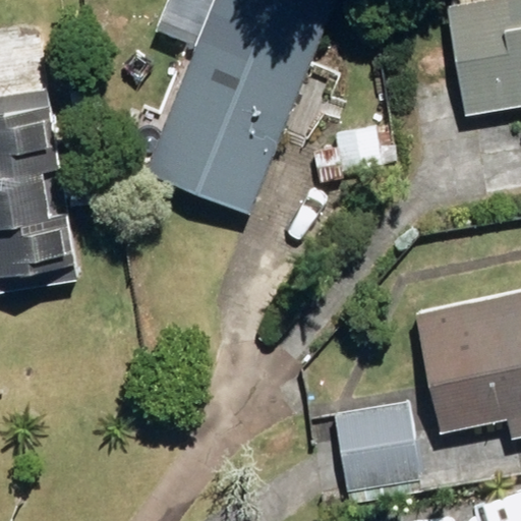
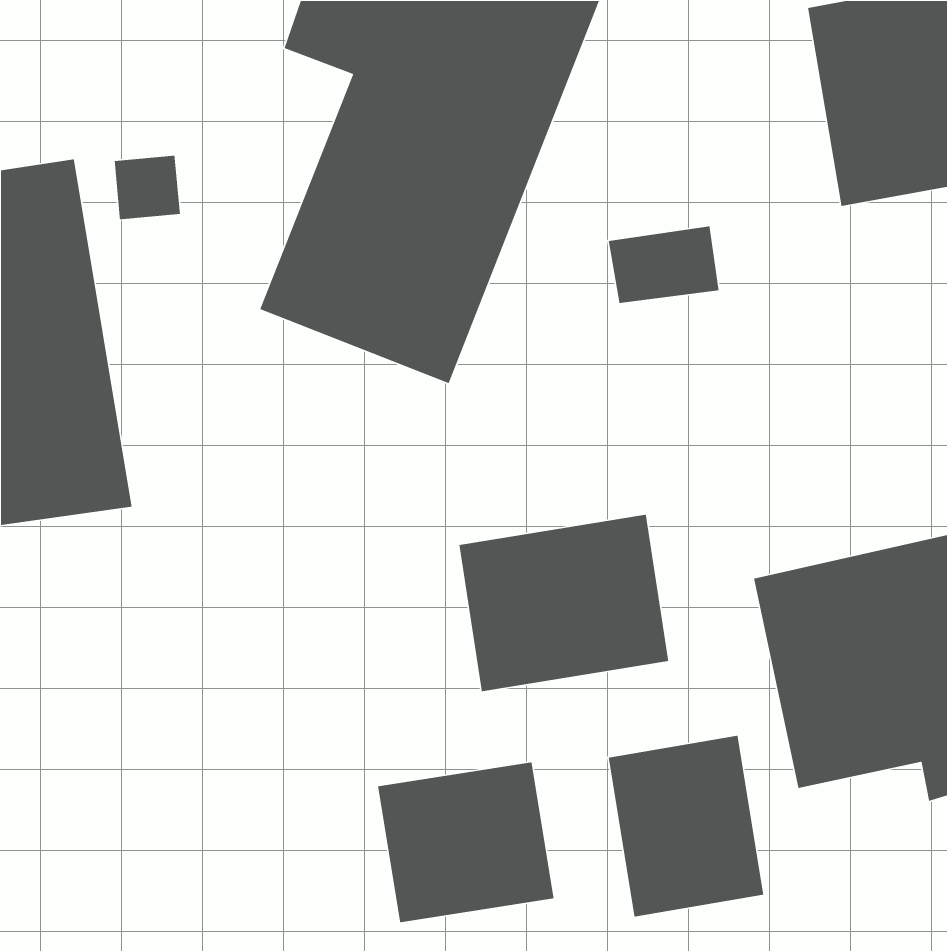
building: none -> [459,514,669,692]
building: none -> [377,762,555,923]

